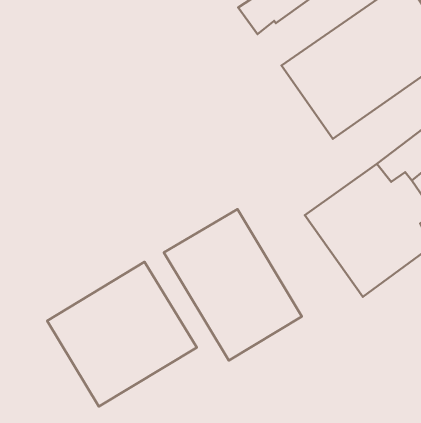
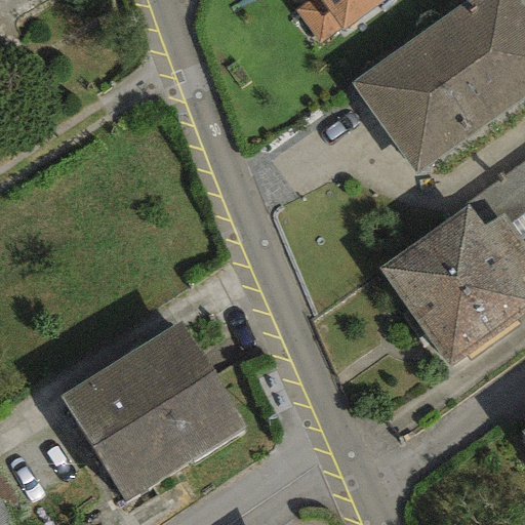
building: [164,209,302,360] -> none

